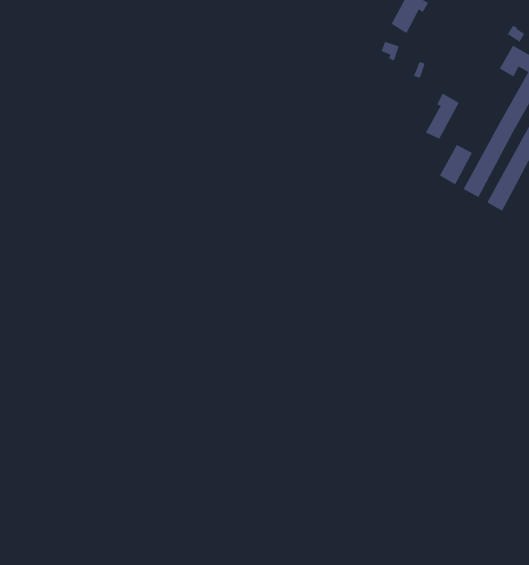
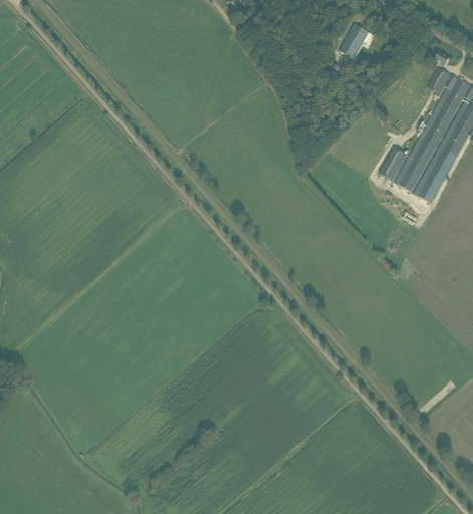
building: [425,93,460,139] -> none

